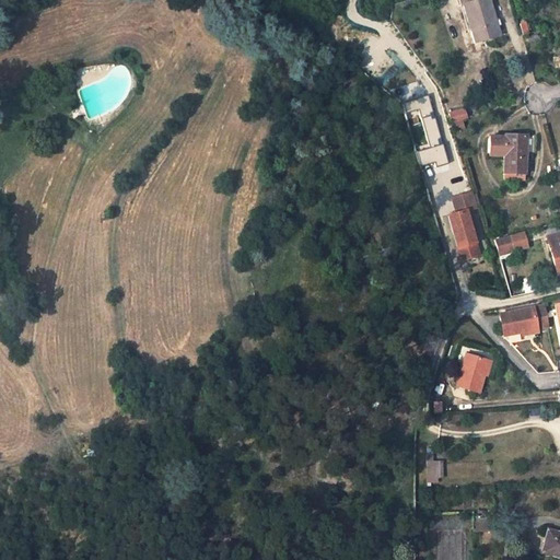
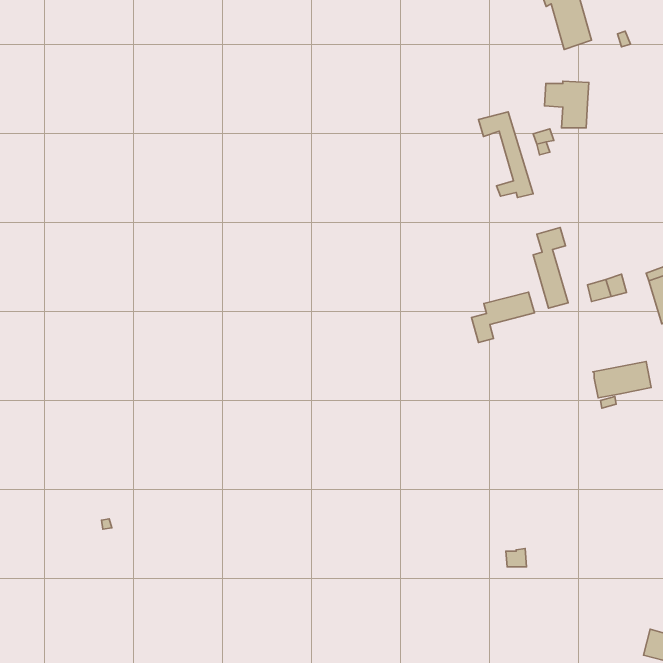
building: [490,133,527,173] -> [545,81,589,128]
building: none -> [471,292,534,343]
building: [457,353,489,392] -> none

